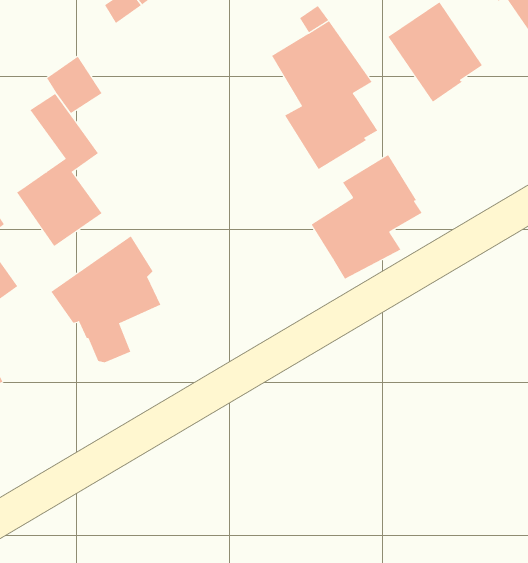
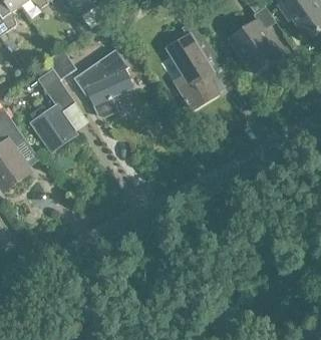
building: [311,154,423,279] -> none
building: [51,236,161,363] -> [73,48,132,116]

